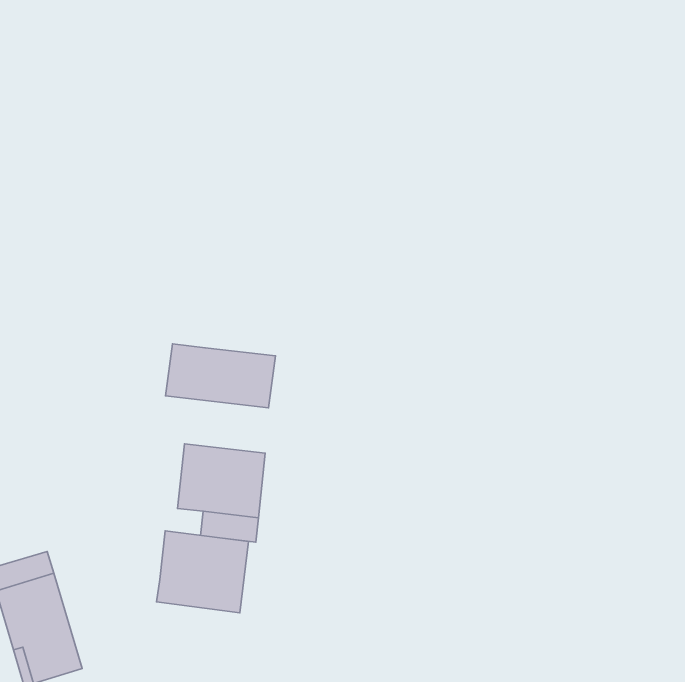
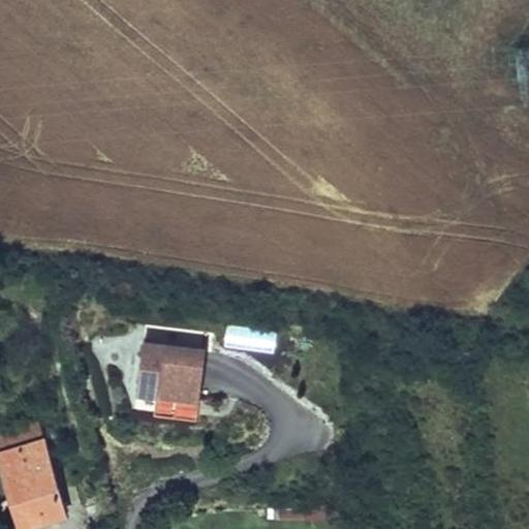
building: [165,344,276,408] -> none
building: [157,531,249,613] -> none

